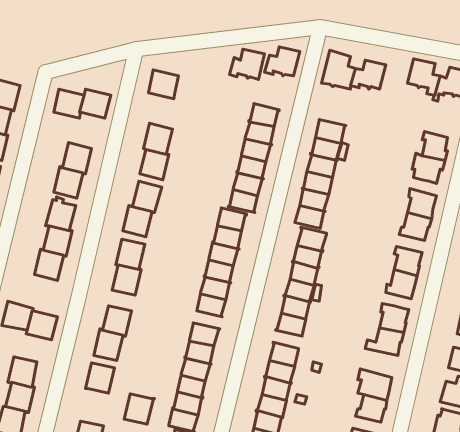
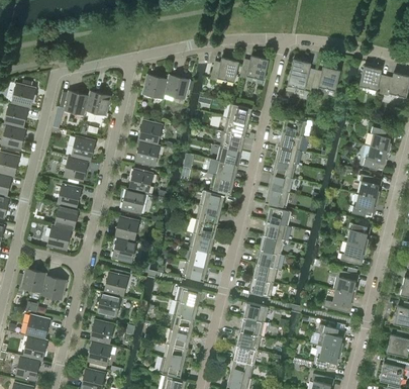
building: none -> [165,75,190,99]
building: [124,394,154,424] -> [87,341,112,366]

